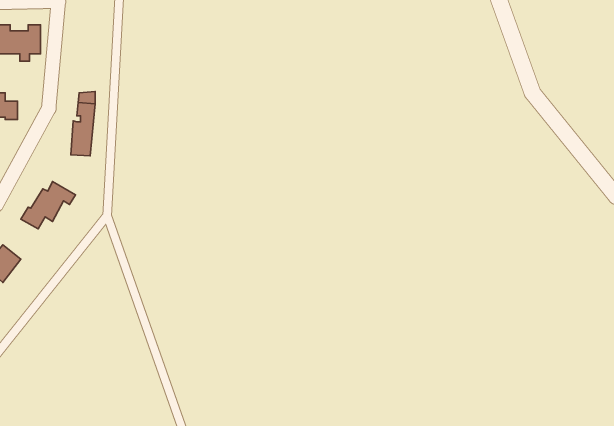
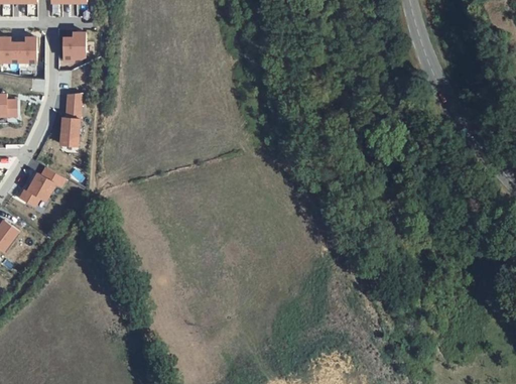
building: none -> [63,32,86,61]

